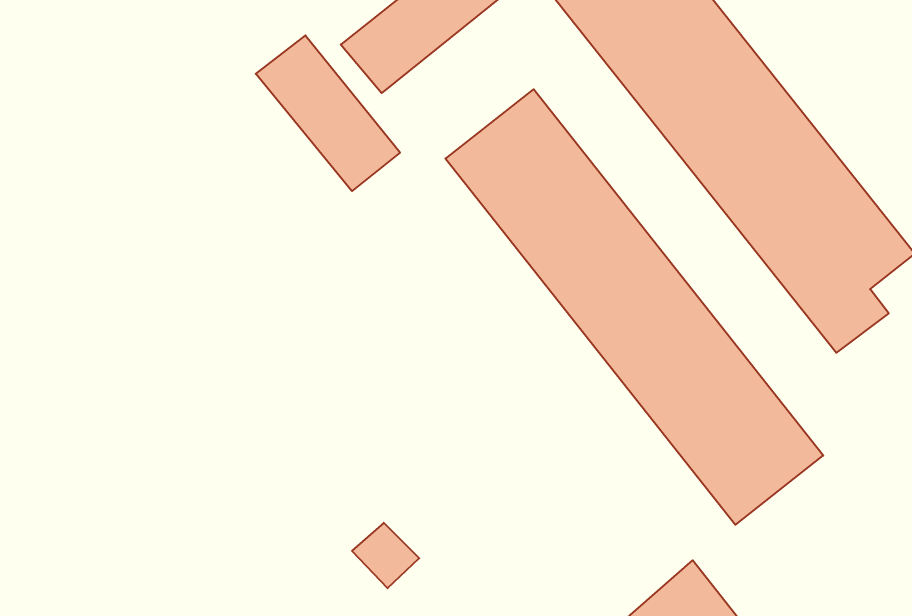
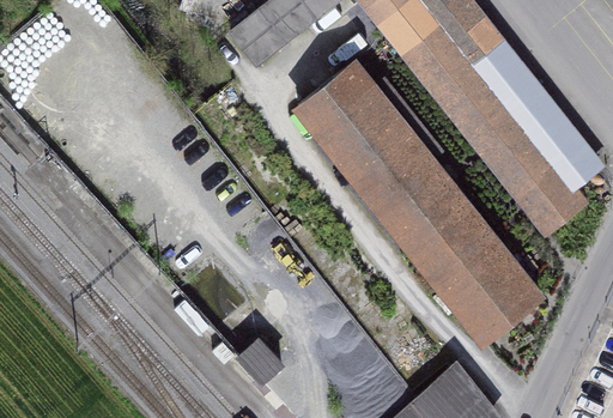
building: [256,35,400,191] -> none

